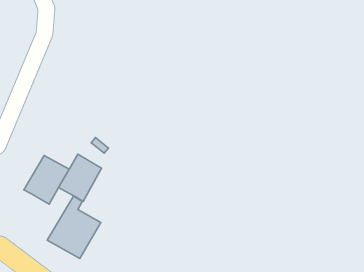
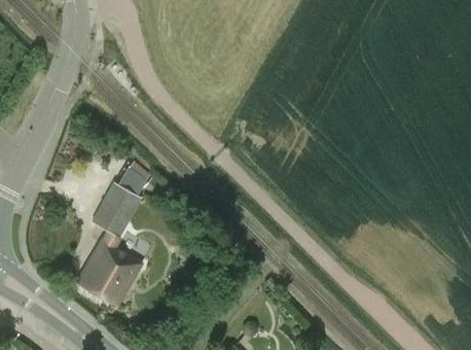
building: [24,156,69,204] -> none

